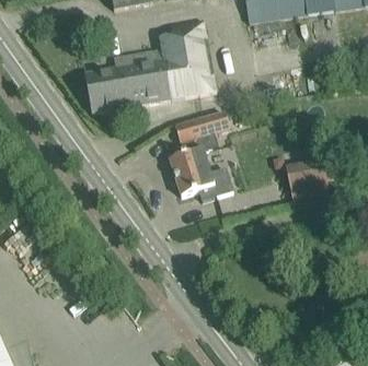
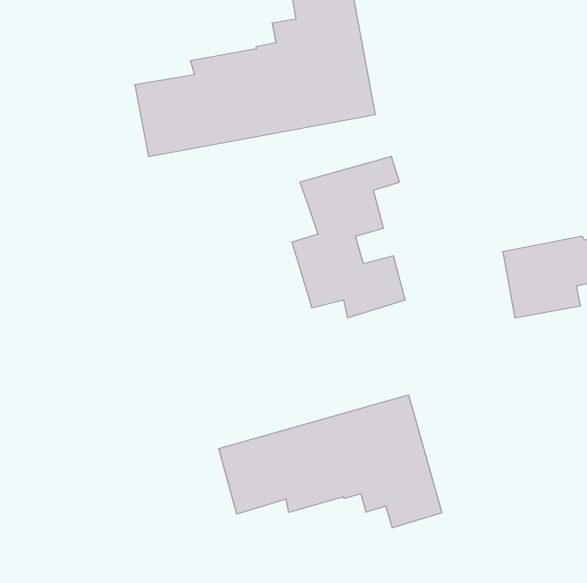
building: none -> [219,395,442,528]

